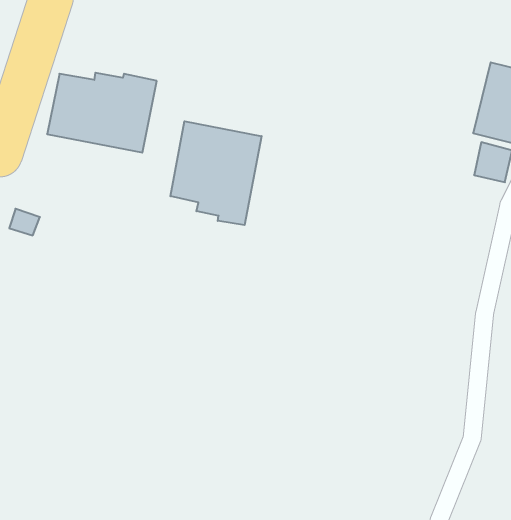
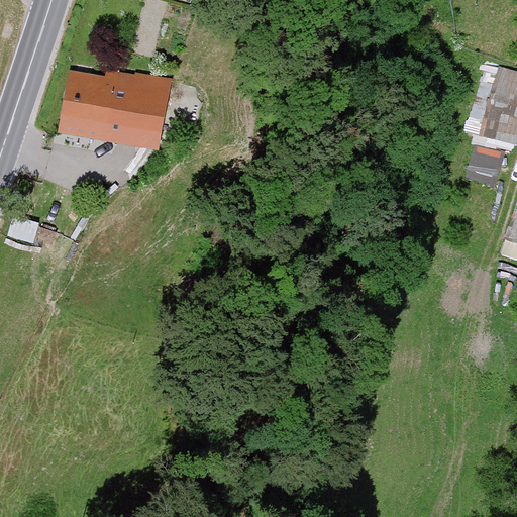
building: [170,121,262,225] -> none

